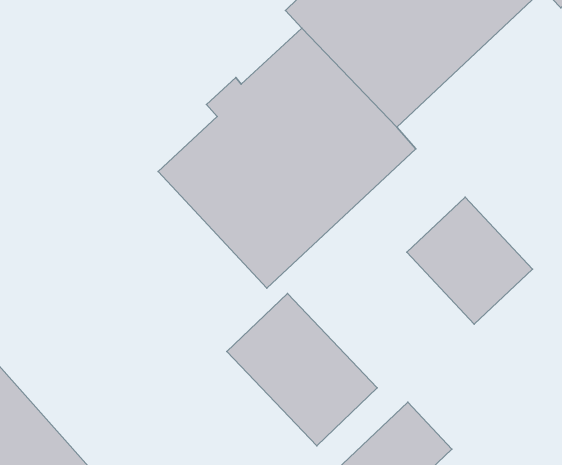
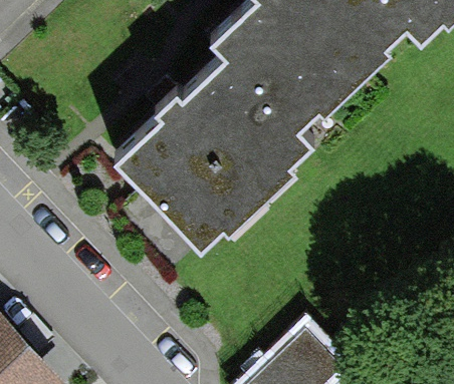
building: [407,197,533,324] -> none
building: [227,294,377,446] -> none

